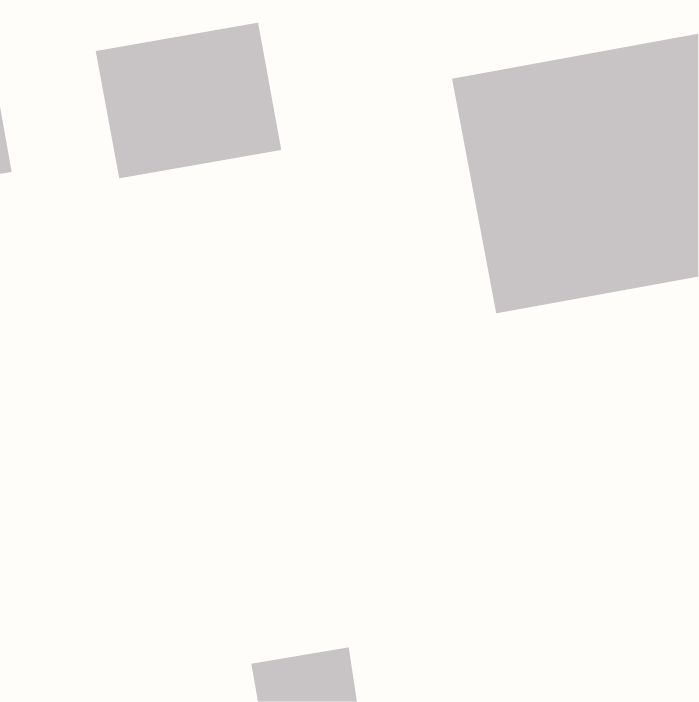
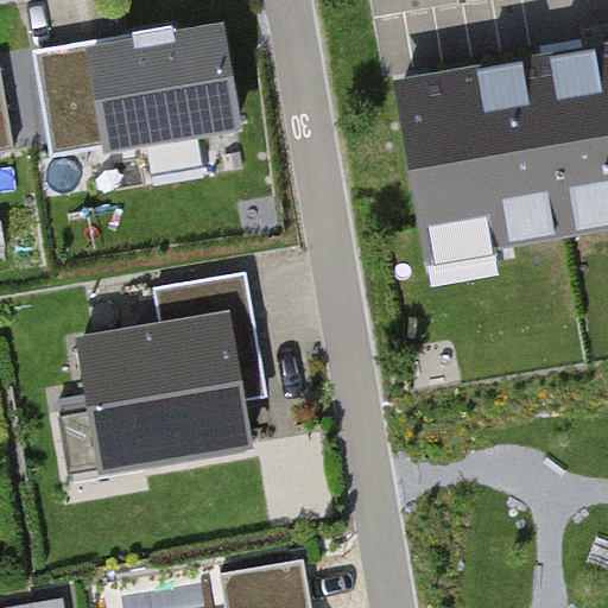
building: none -> [31,48,100,154]
building: none -> [77,314,249,474]

